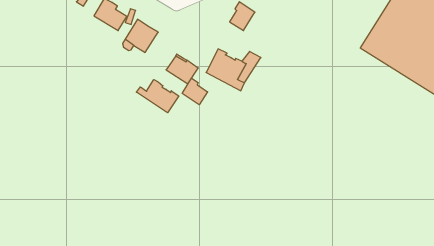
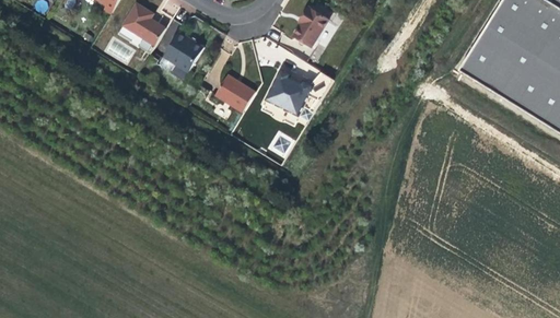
building: [182,78,208,105] -> none
building: [136,80,179,113] -> none

